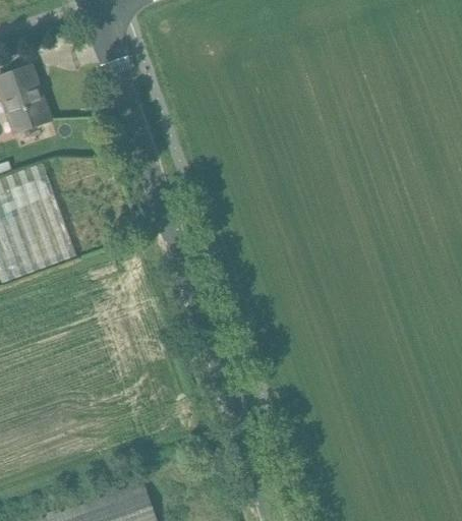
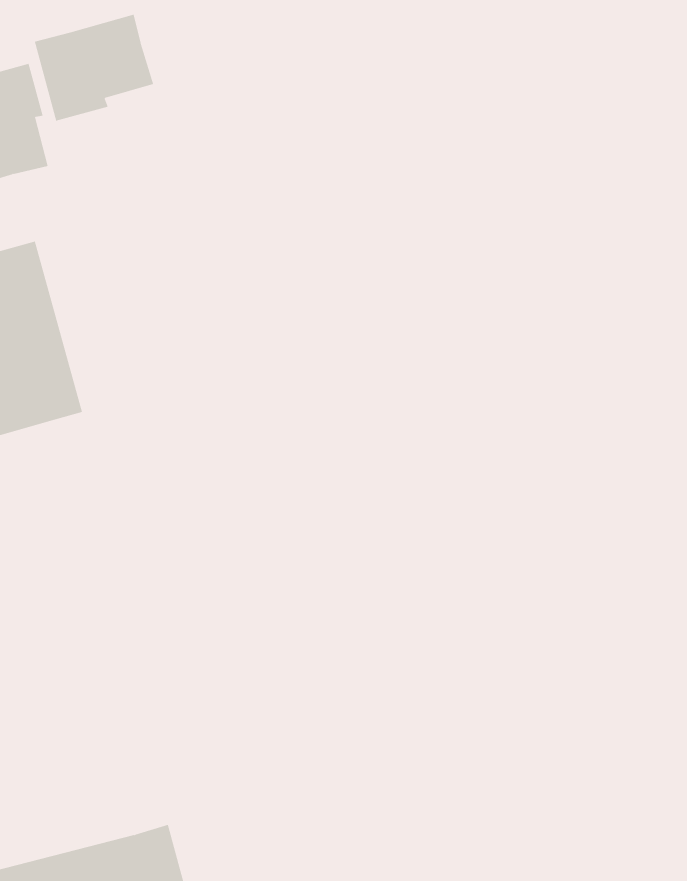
building: none -> [34,14,154,121]

